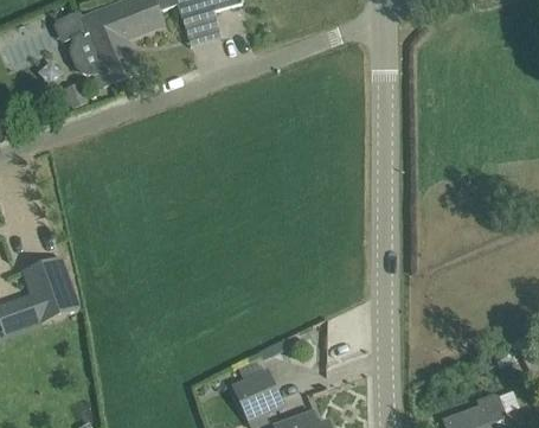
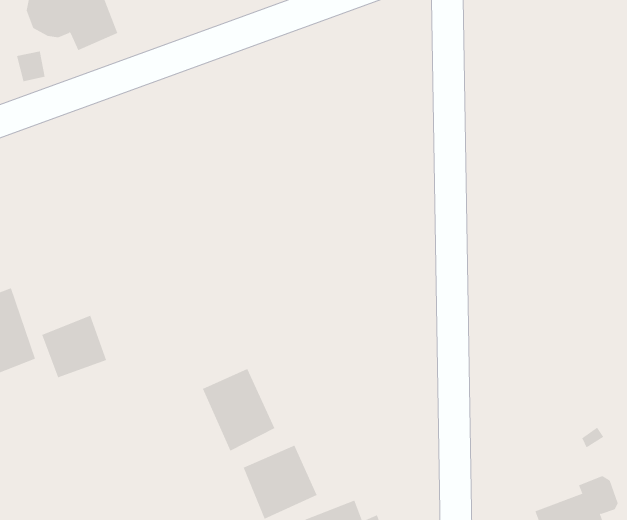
building: none -> [41,315,107,378]
building: none -> [202,368,275,451]

